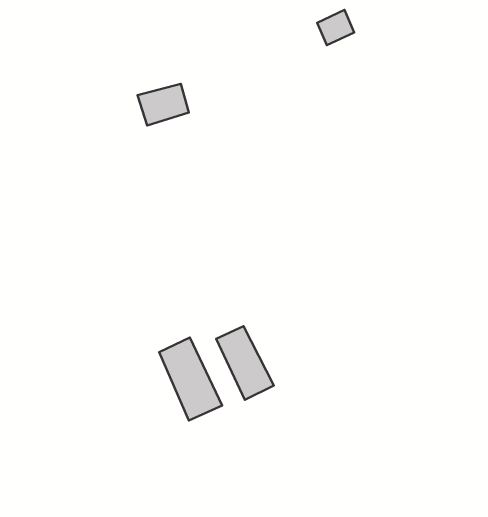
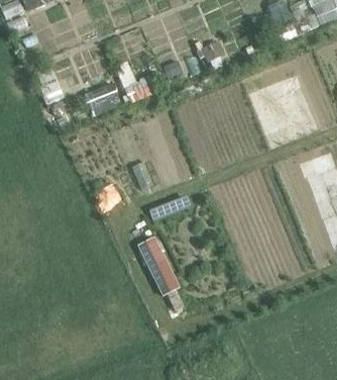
building: [159,338,222,420] -> none

